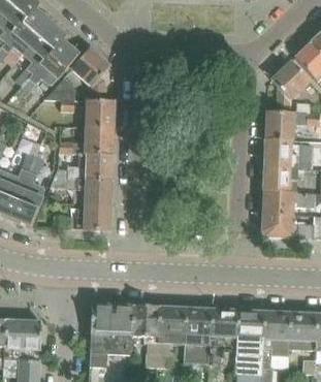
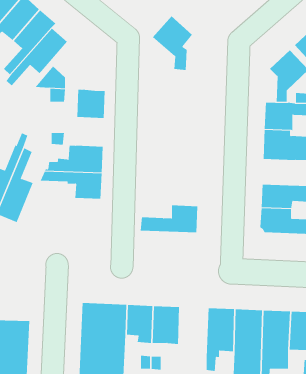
building: [71,46,110,99] -> [152,15,193,70]
building: [86,125,114,153] -> none
building: [264,165,296,190] -> none
building: [55,202,110,229] -> [140,205,198,233]
building: [184,307,213,361] -> none

